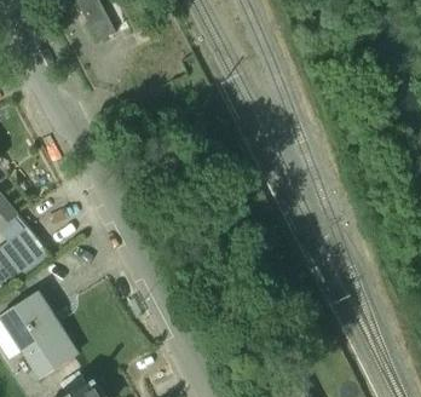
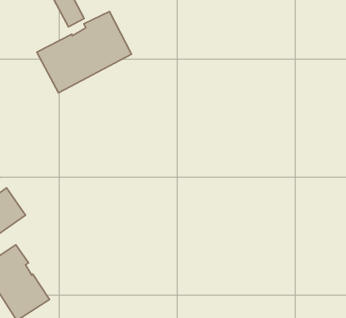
building: none -> [37,12,132,93]

